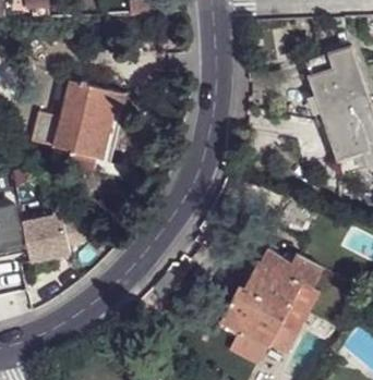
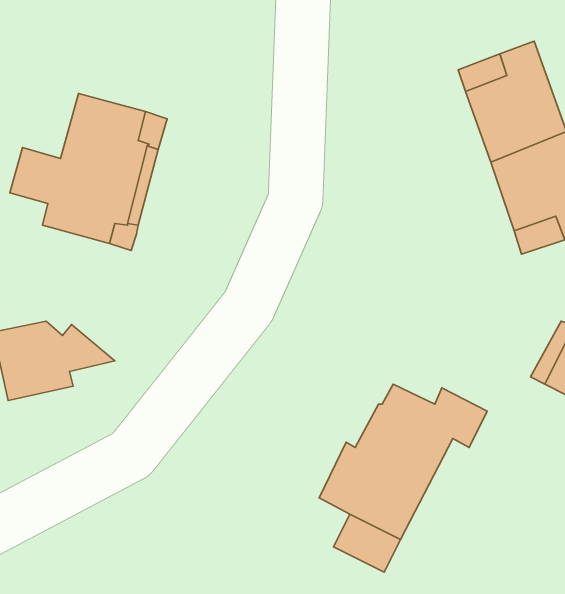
building: [268,285,320,357] -> none

